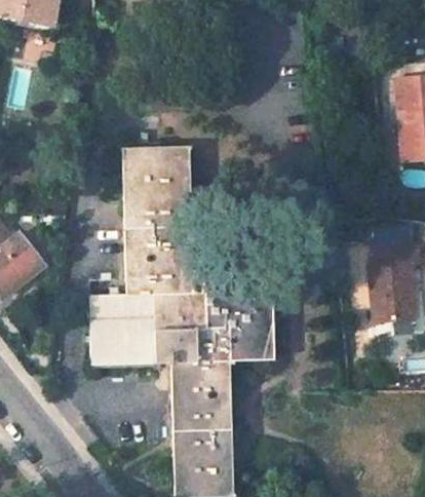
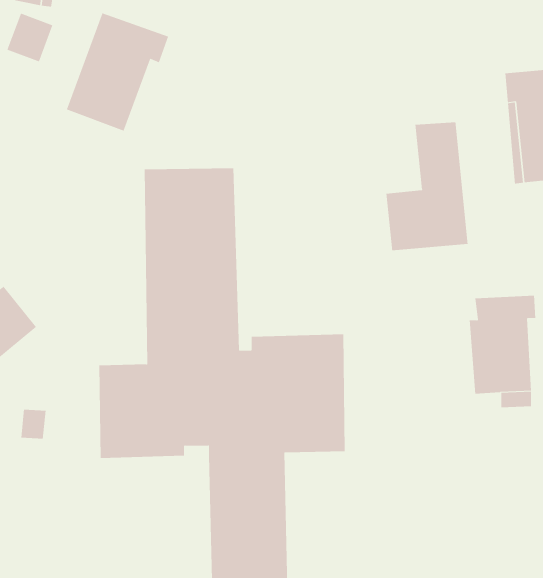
building: none -> [66,13,169,131]
building: none -> [386,122,468,251]

